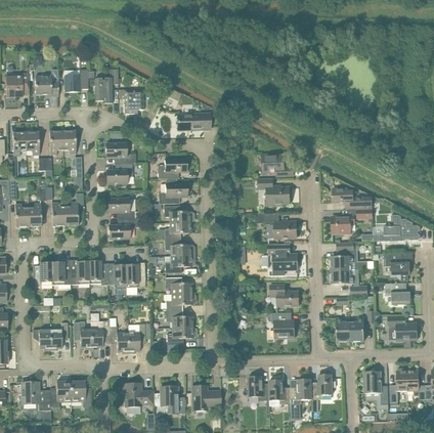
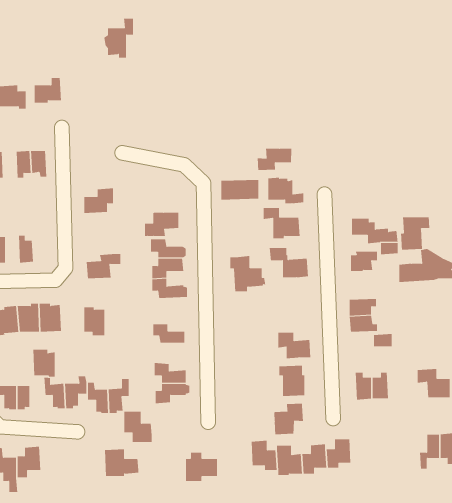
building: [92,69,118,102] -> [104,18,134,58]
building: [124,89,143,113] -> none
building: [177,112,210,129] -> [221,179,259,200]
building: none -> [257,148,292,171]
building: [105,142,136,163] -> none
building: [158,157,186,178] -> none
building: none -> [401,217,430,251]
building: [63,192,83,224] -> none
building: [107,197,134,218] -> none
building: [269,243,300,273] -> [230,256,266,292]
building: [384,252,409,273] -> none
building: [164,254,194,272] -> none
building: [87,260,106,284] -> [32,349,55,377]
building: [125,261,145,287] -> none
building: [385,282,410,303] -> none
building: [165,293,196,310] -> none
building: none -> [274,403,303,435]
building: [361,371,388,407] -> none
building: [70,380,91,406] -> none
building: [161,386,185,413] -> [123,411,153,443]

